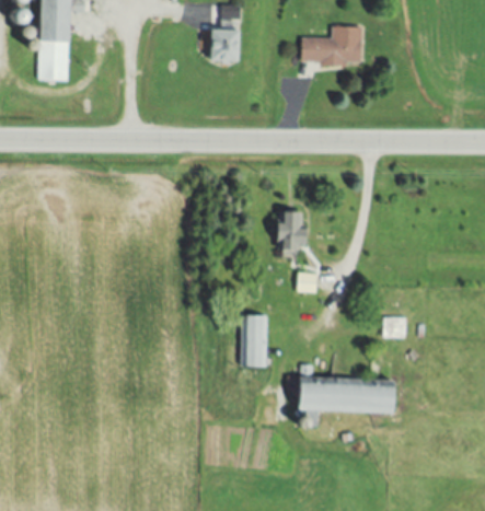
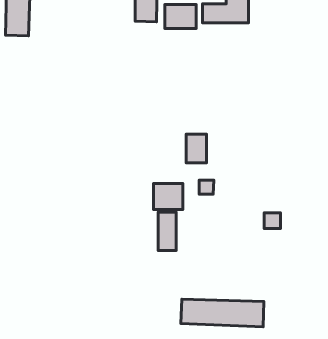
building: none -> [165,5,196,29]
building: none -> [154,184,183,210]
building: [288,376,399,414] -> [181,299,264,327]

